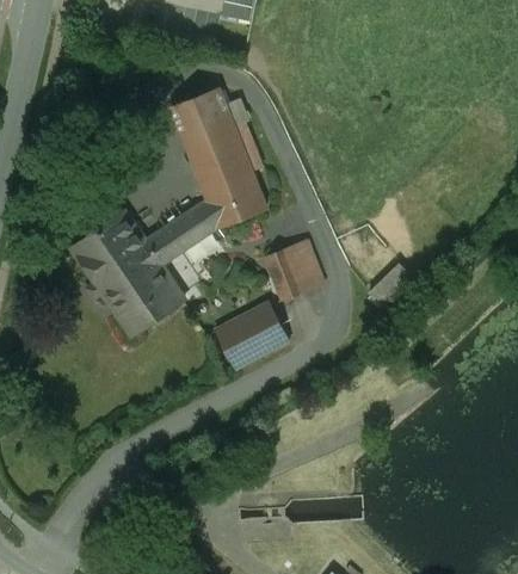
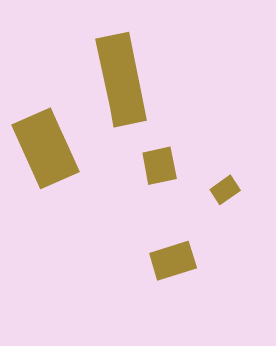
building: [144,200,217,265] -> none
building: [215,302,290,369] -> [148,240,198,281]

